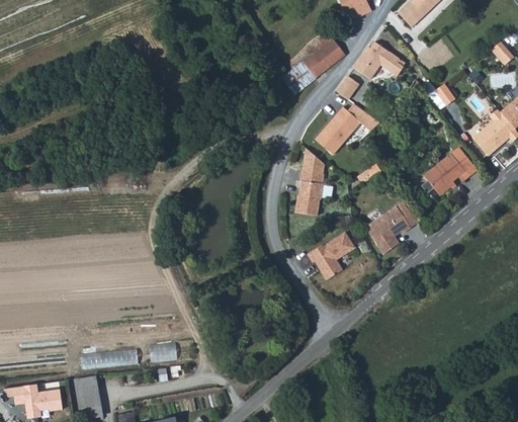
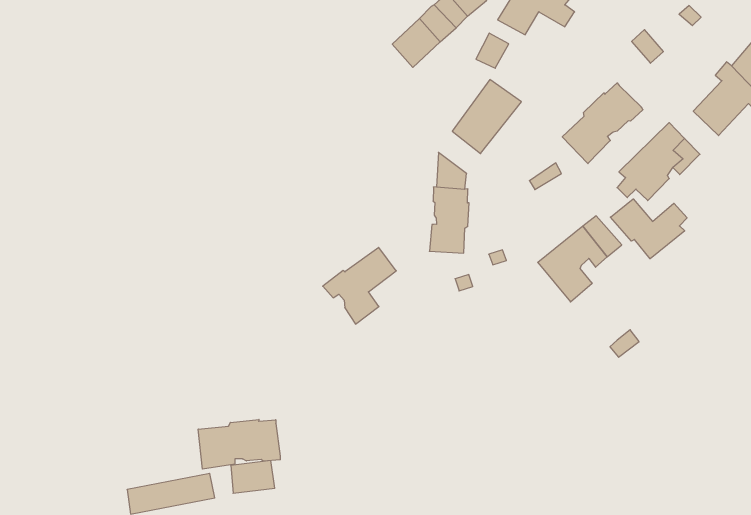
building: none -> [562,83,643,164]
building: none -> [610,199,687,259]
building: [307,233,355,281] -> [323,247,396,324]
building: none -> [198,419,280,469]

